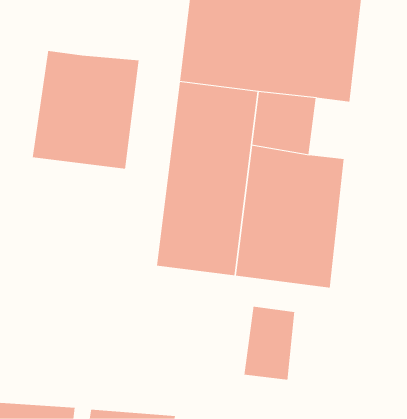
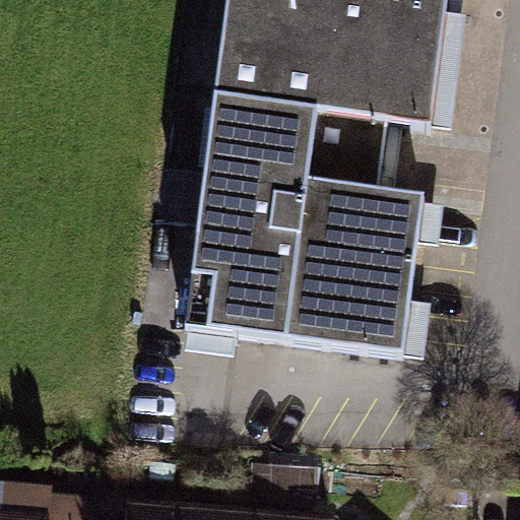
building: [32,50,139,169] -> none
building: [244,306,295,381] -> none

